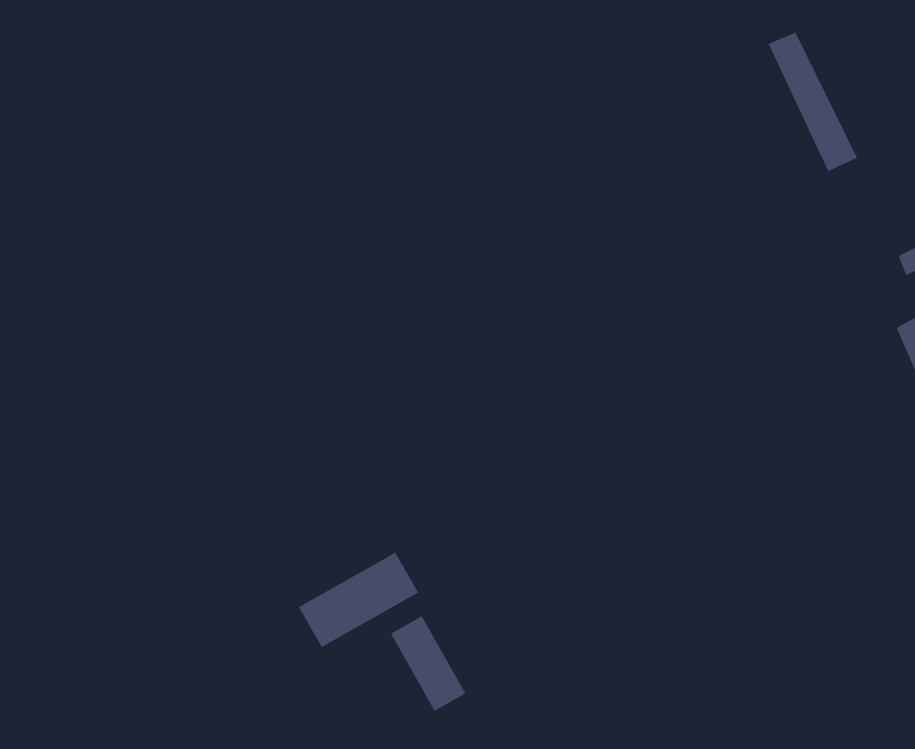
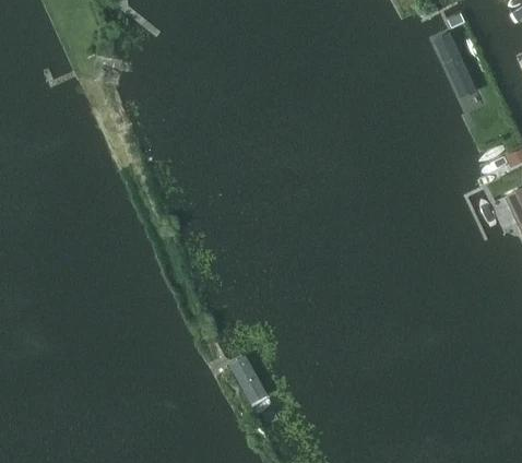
building: [298,552,419,648] -> none

